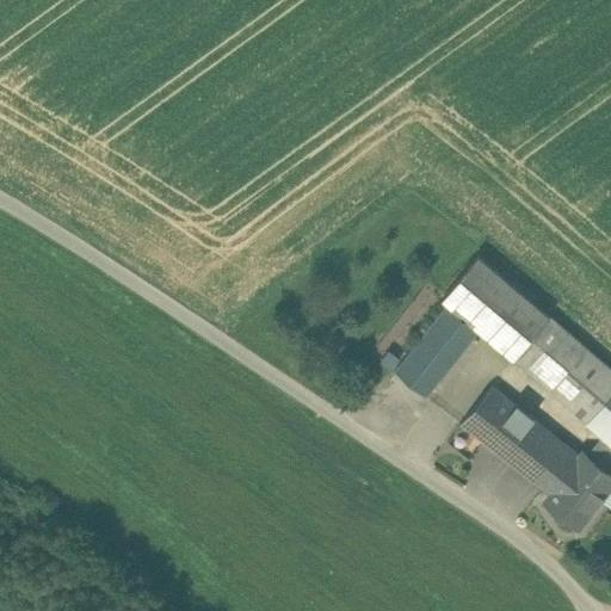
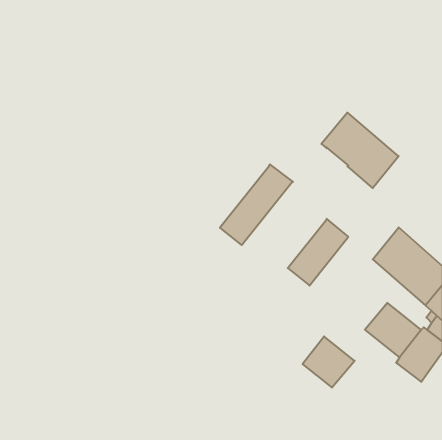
building: none -> [220,164,293,245]
building: [444,258,550,362] -> [321,113,399,188]
building: [463,388,535,458] -> [303,336,355,388]

